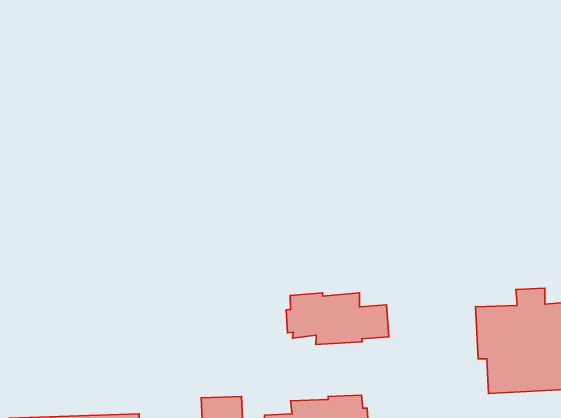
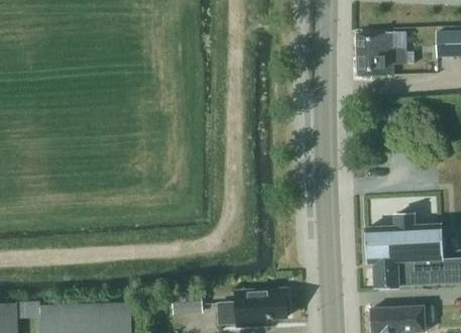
building: none -> [356,32,408,77]
building: [286,293,389,345] -> none

